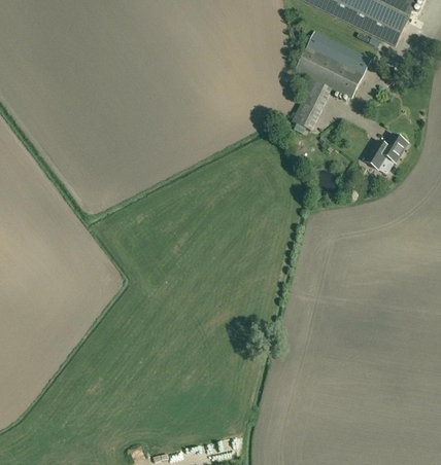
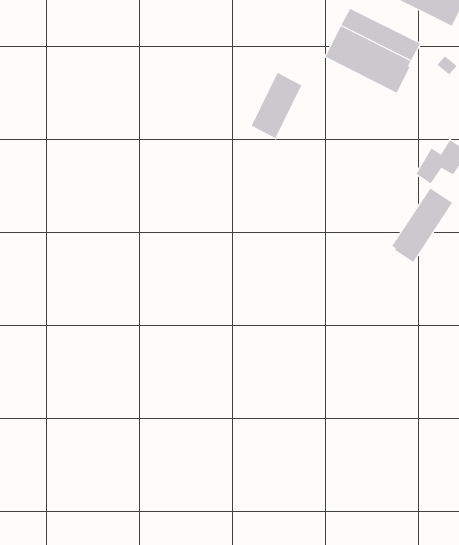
building: [292,78,332,131] -> [251,72,302,139]
building: none -> [391,188,453,263]

